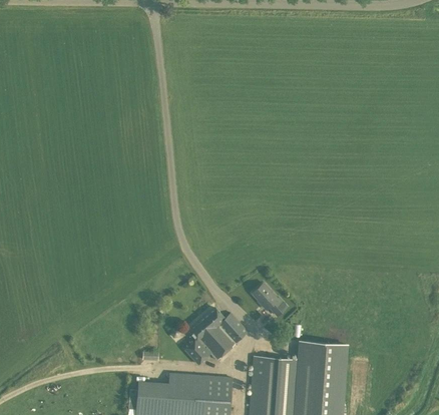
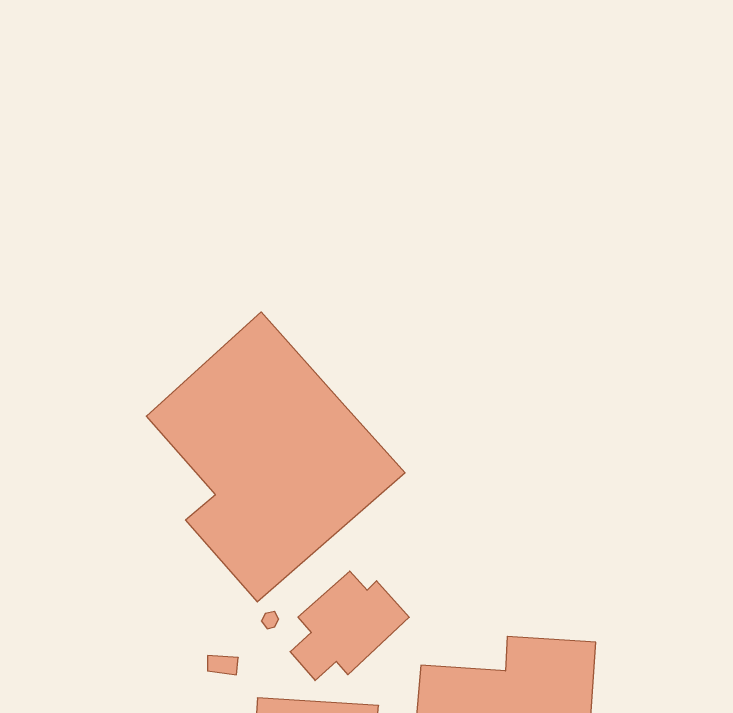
building: none -> [146,312,405,602]
building: [253,283,287,315] -> none

